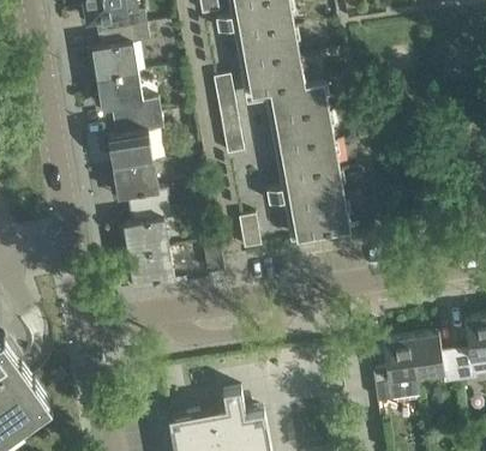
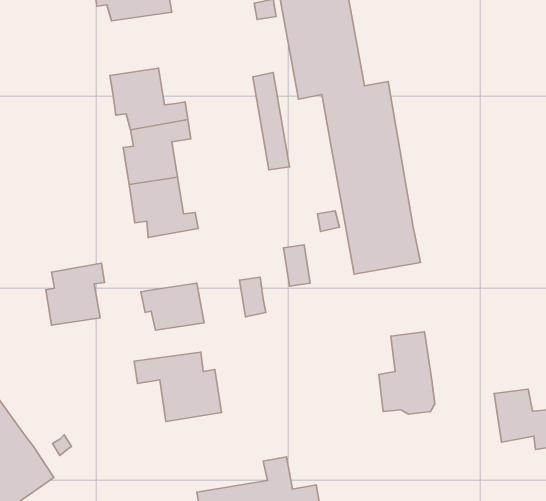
building: [92,26,150,78] -> none
building: [124,203,172,253] -> [46,263,105,325]
building: none -> [134,352,222,422]
building: [373,337,419,404] -> [379,332,435,414]

